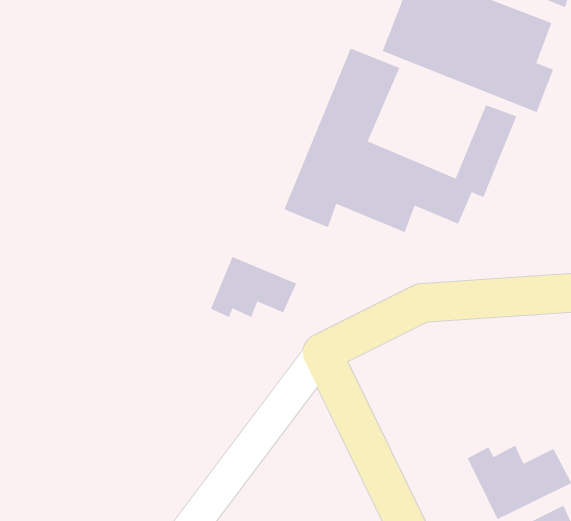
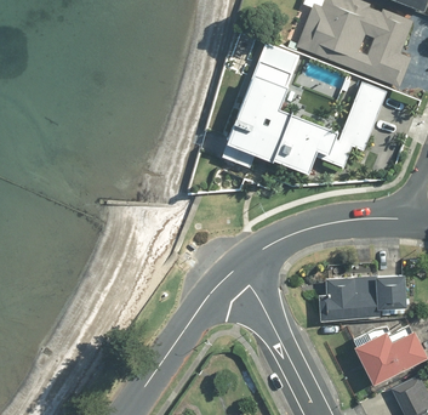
building: [210,256,297,318] -> none
building: none -> [318,277,407,320]

